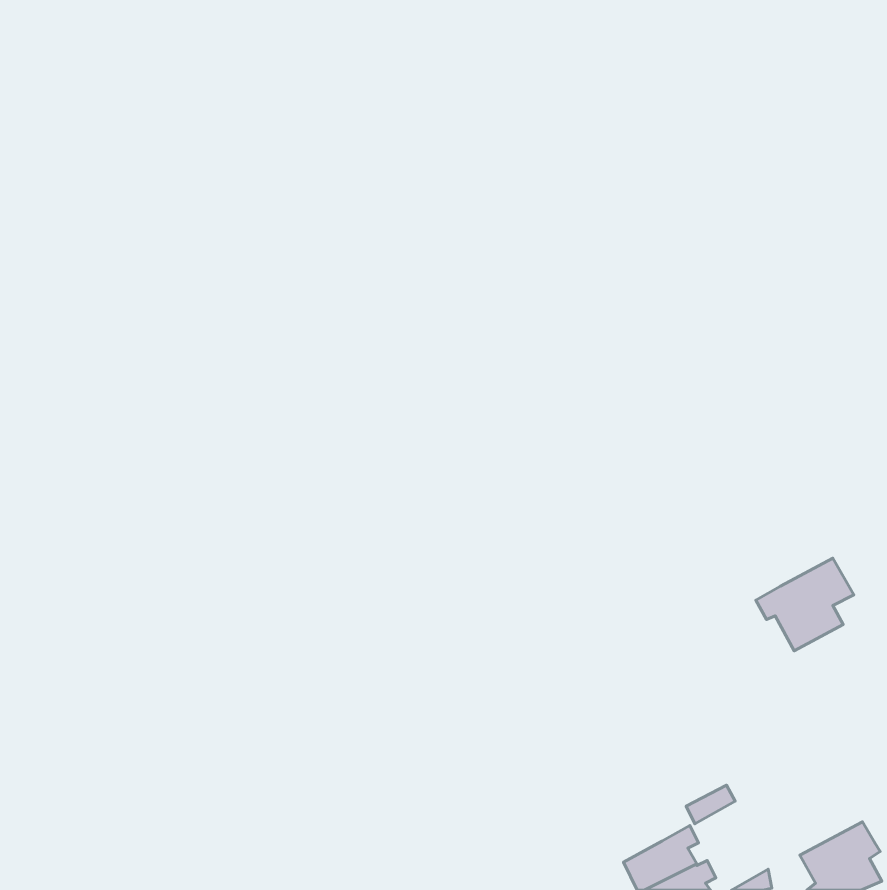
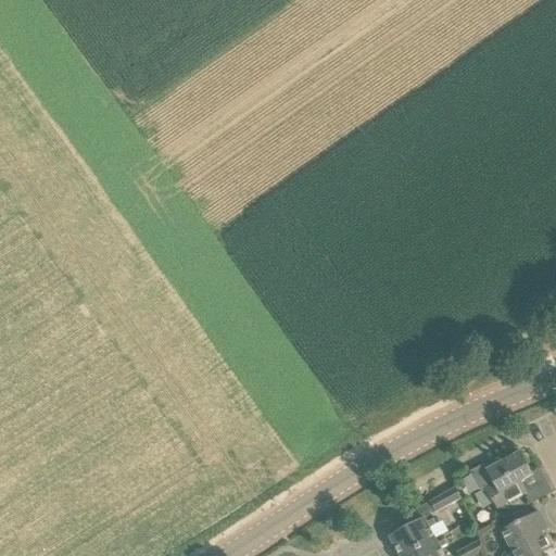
building: [756,558,854,651] -> [470,452,531,509]

